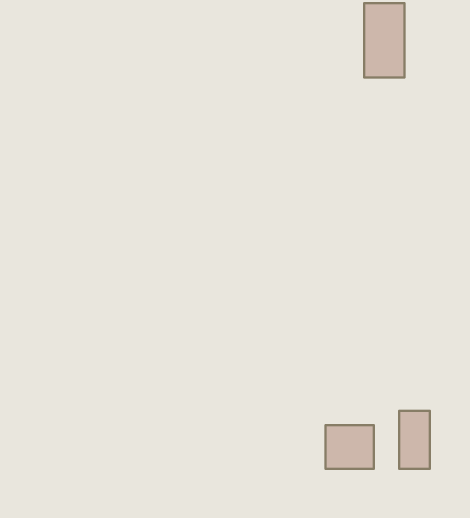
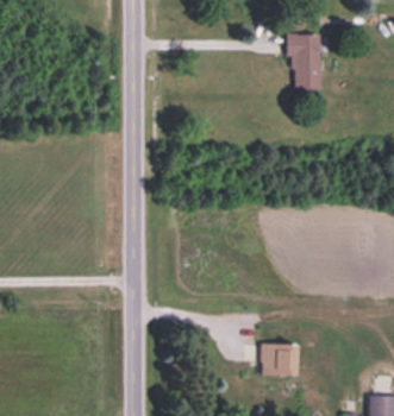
building: [399,411,430,469] -> none

